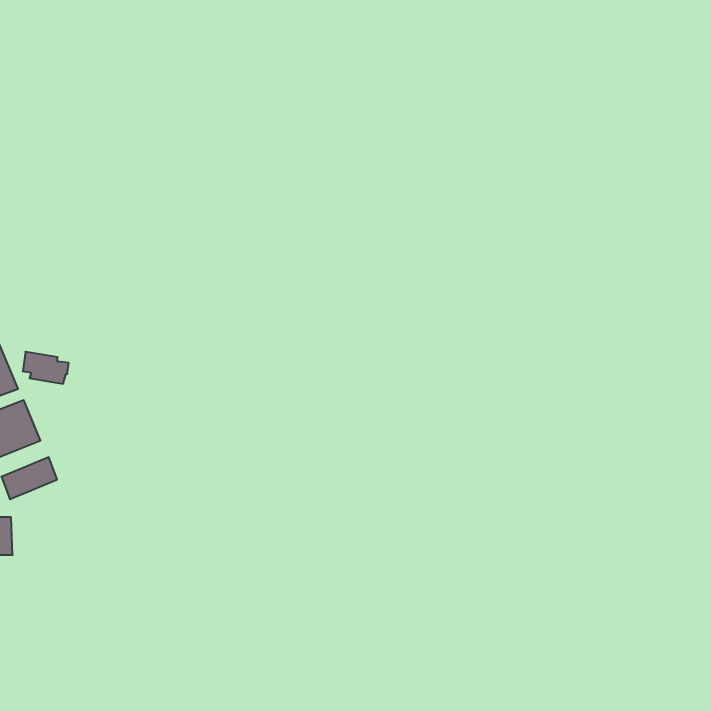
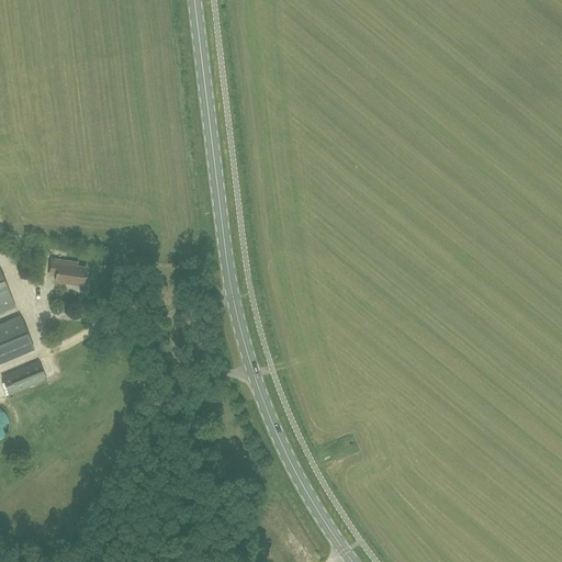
building: [23,352,69,384] -> [48,258,85,283]

